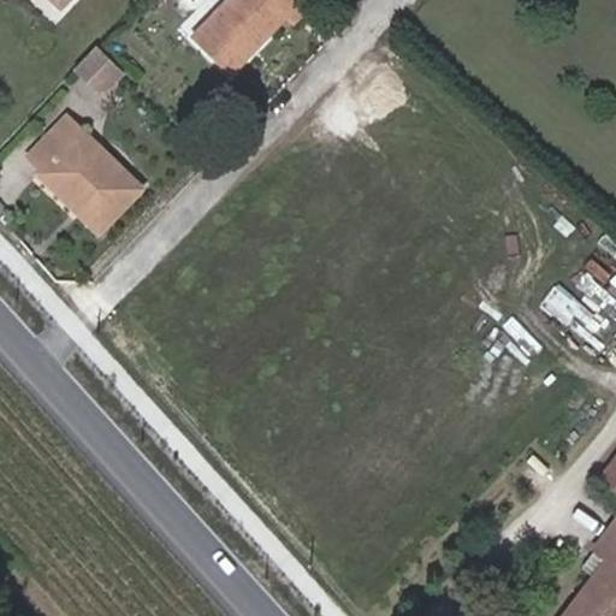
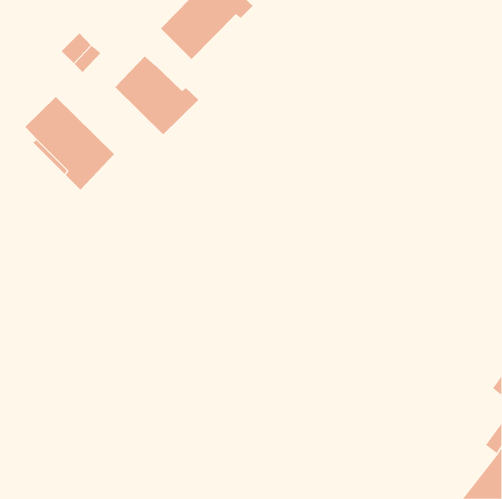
building: none -> [115,55,199,135]

